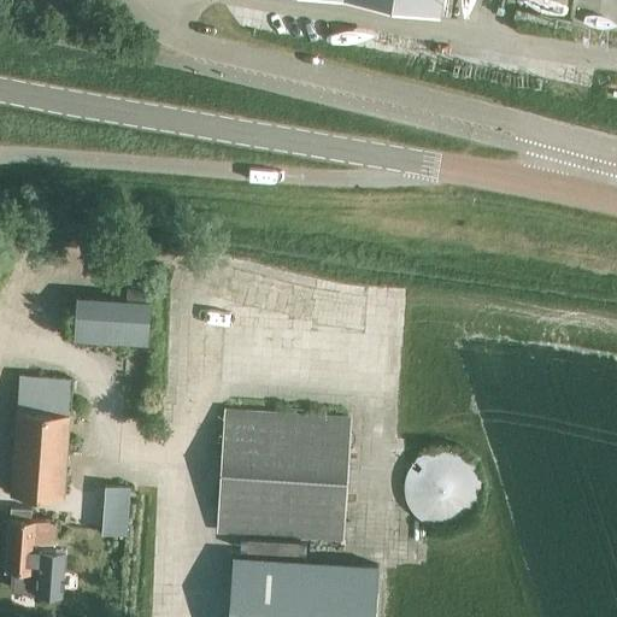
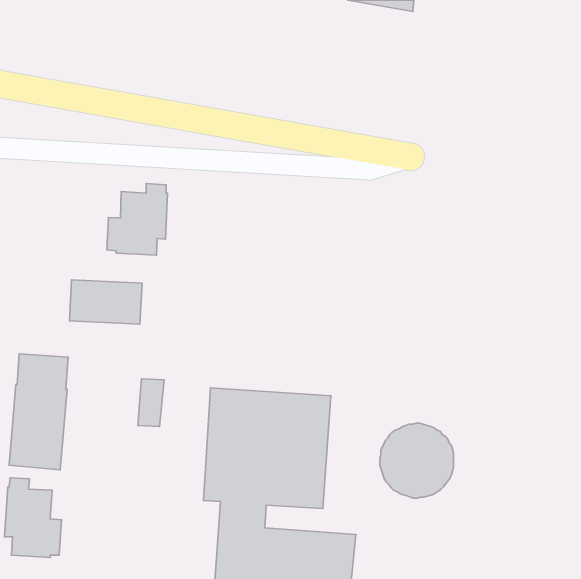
building: none -> [107,184,168,255]
building: [101,488,129,539] -> [138,379,164,427]

